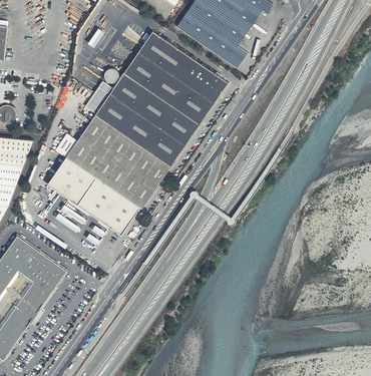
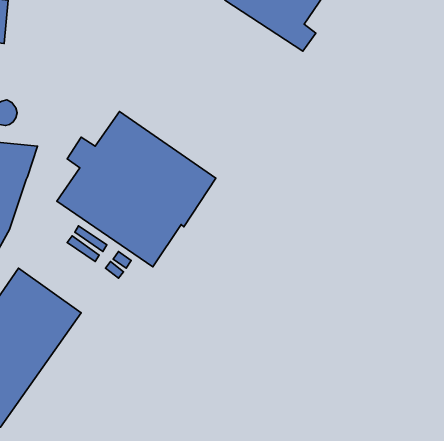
building: [84,32,228,165] -> none

